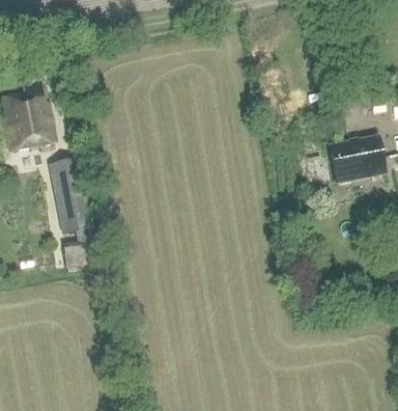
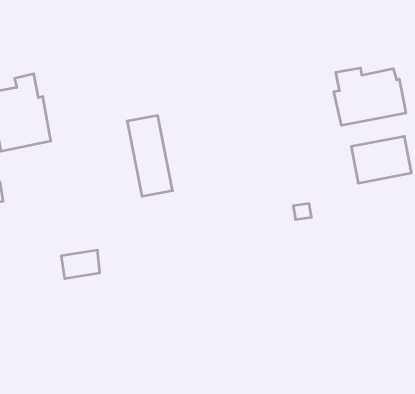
building: none -> [334,68,406,125]
building: [51,161,92,235] -> [127,116,173,196]

